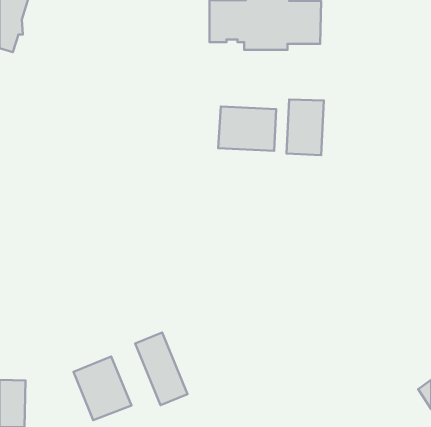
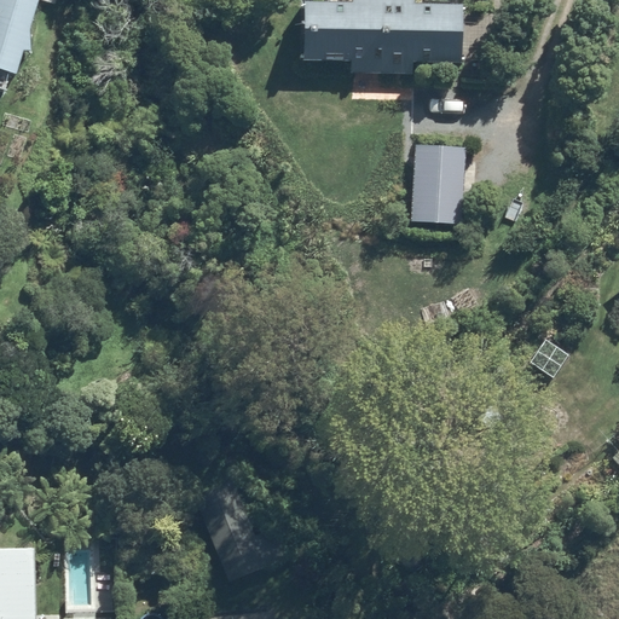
building: [218,107,276,151] -> none
building: [73,356,131,420] -> none

